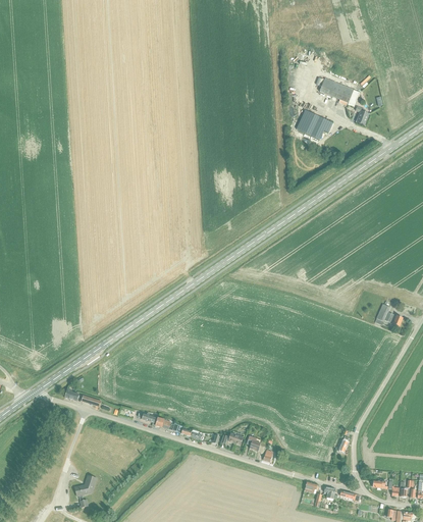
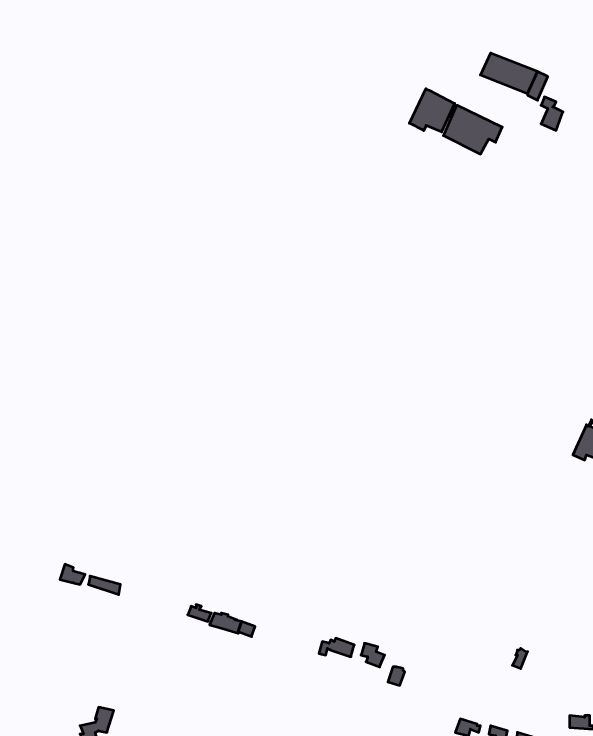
building: none -> [409,89,455,132]

